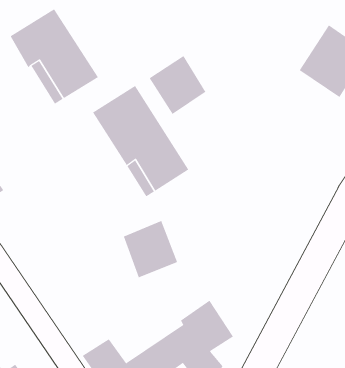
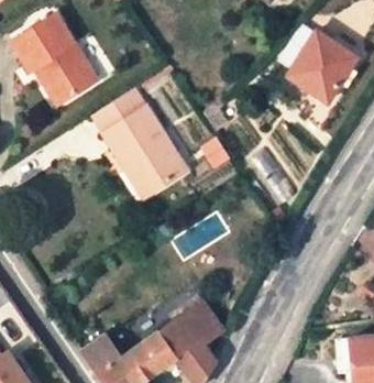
building: [149,55,206,115] -> none
building: [123,220,178,278] -> none

